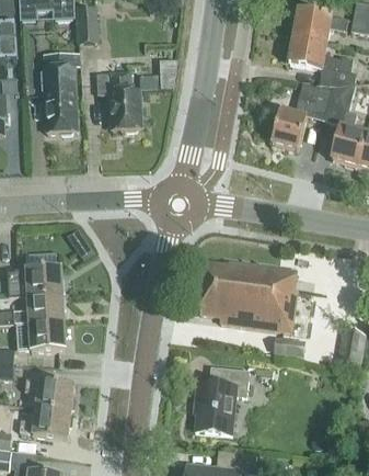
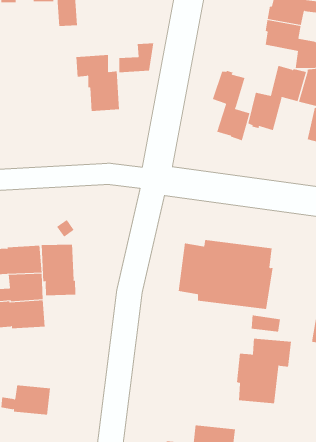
building: [44,67,78,134] -> none
building: none -> [212,70,250,141]
building: none -> [41,244,76,296]
building: [193,366,250,433] -> [236,338,292,404]
building: [24,379,74,411] -> none

